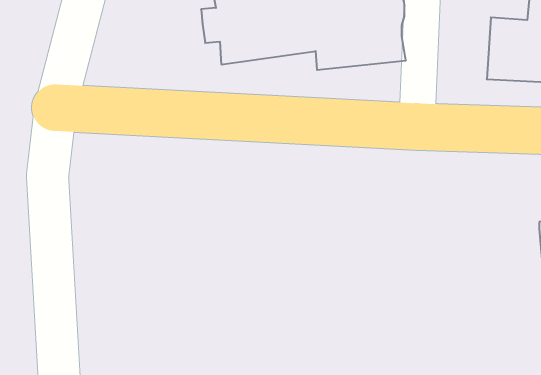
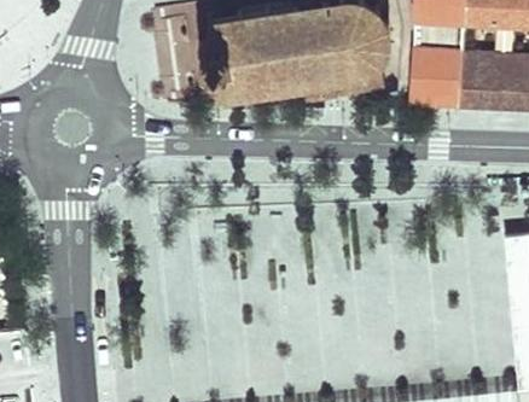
building: none -> [409,51,463,109]

